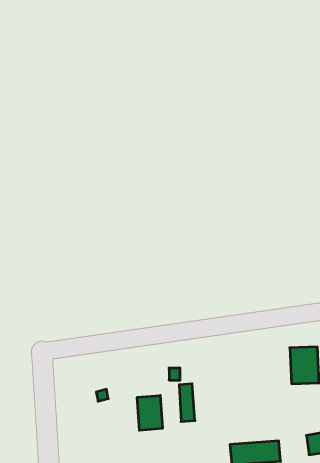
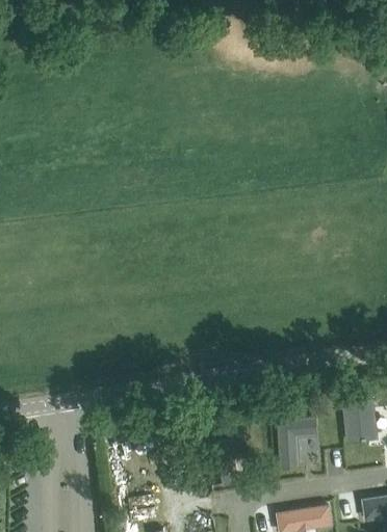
building: none -> [277,417,317,469]
building: [137,395,162,430] -> none

